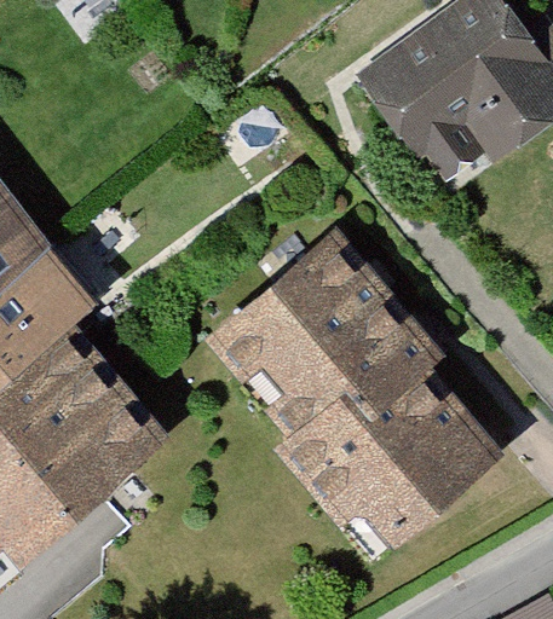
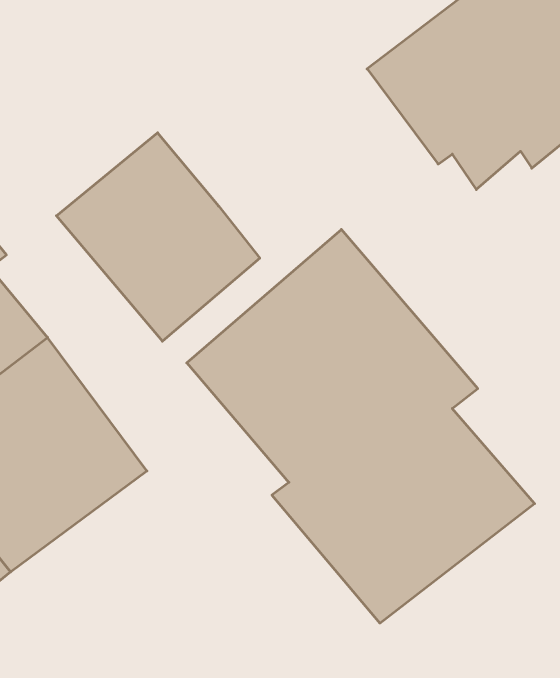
building: none -> [56,133,260,341]

